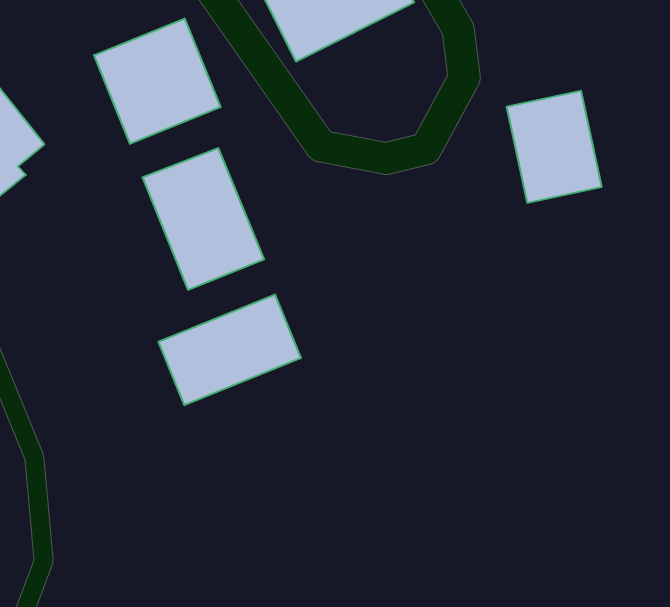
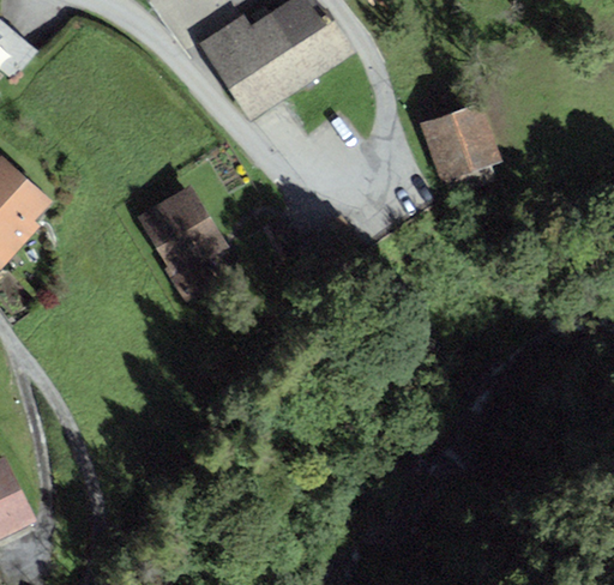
building: [94,18,221,144] -> none
building: [159,294,301,405] -> none

